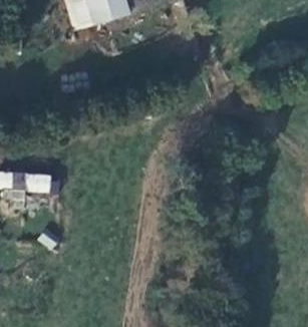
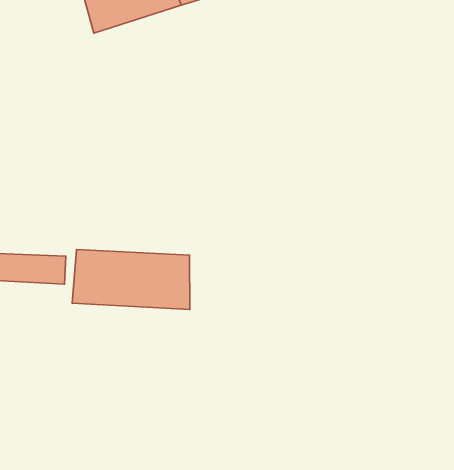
building: none -> [72,250,190,309]

